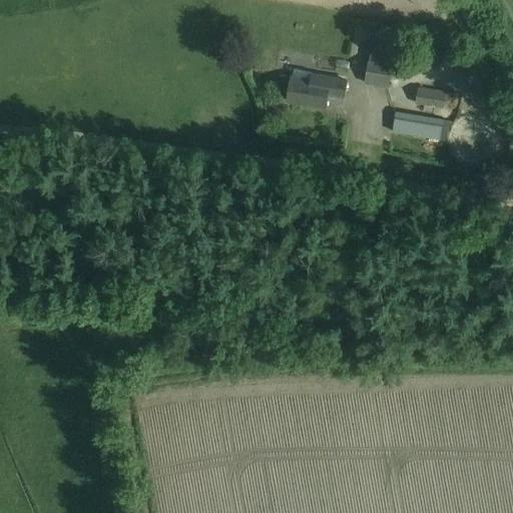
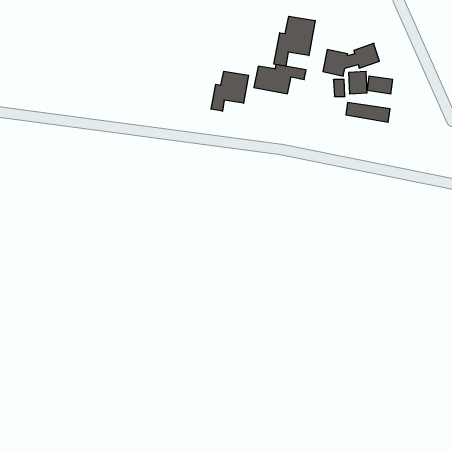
building: none -> [274,16,315,66]
building: none -> [211,71,249,111]

